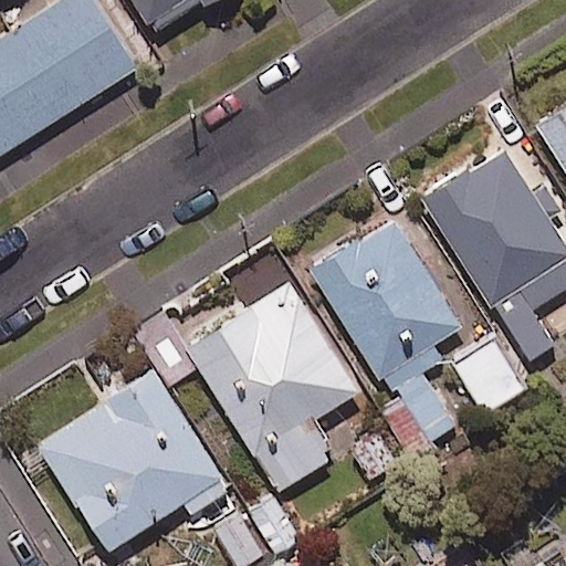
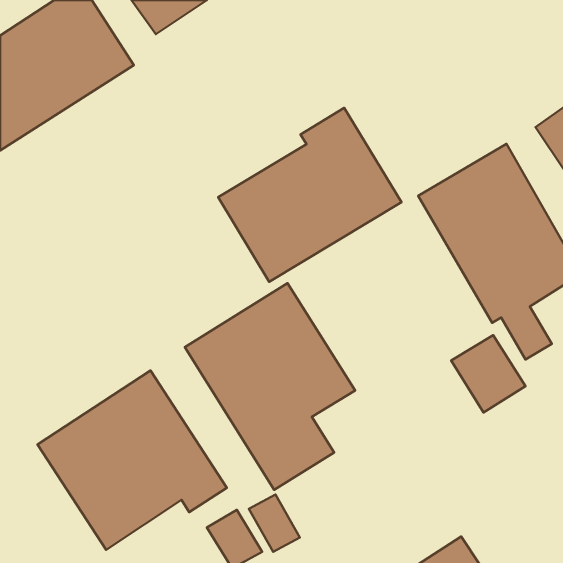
building: none -> [218,108,401,282]
building: [311,218,461,448] -> none

